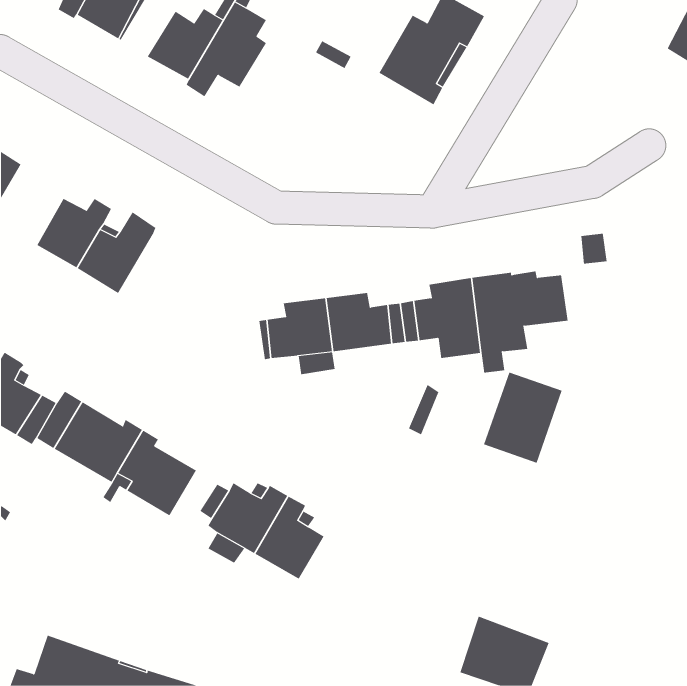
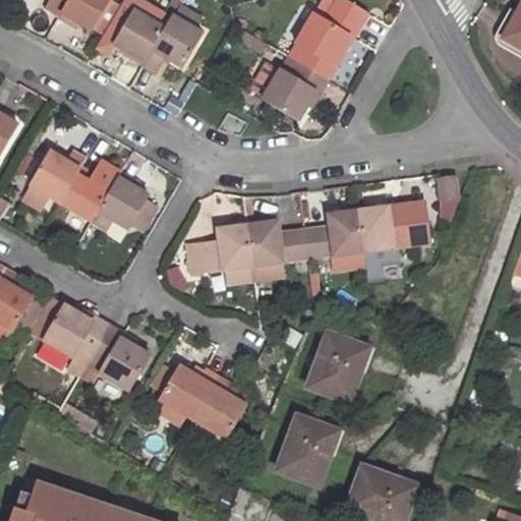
building: none -> [260,55,329,120]
building: none -> [91,177,158,230]
building: [483,372,563,463] -> [307,332,367,401]
building: none -> [276,415,338,484]

